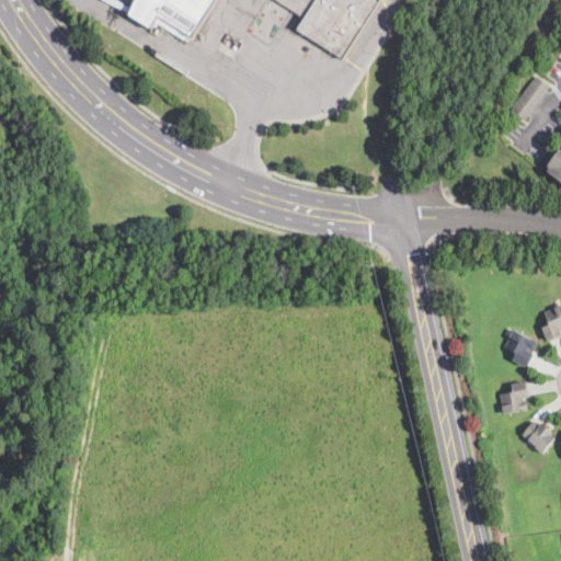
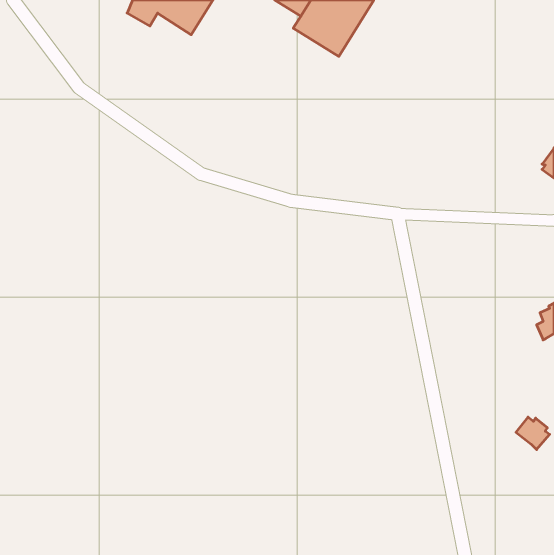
building: [511,76,549,119] -> none
building: [503,329,537,367] -> none
building: [499,381,529,413] -> none

